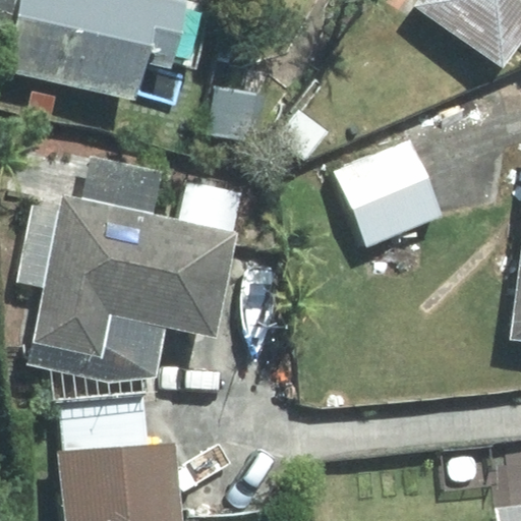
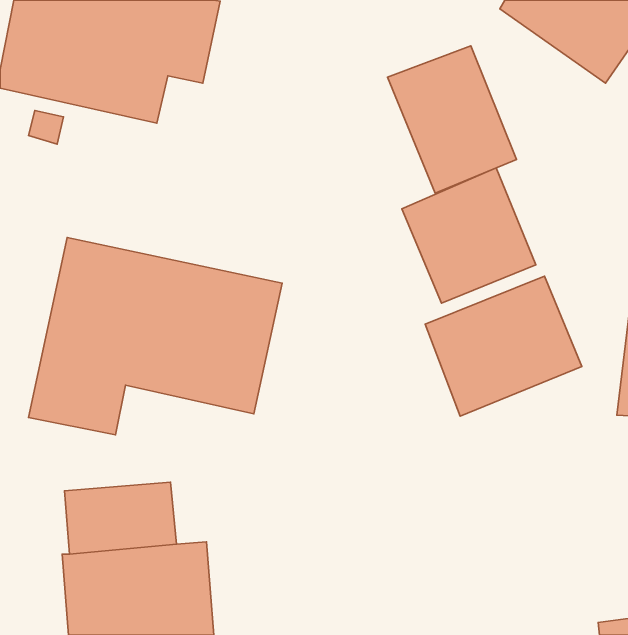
building: none -> [388,46,516,193]
building: none -> [425,276,582,416]

